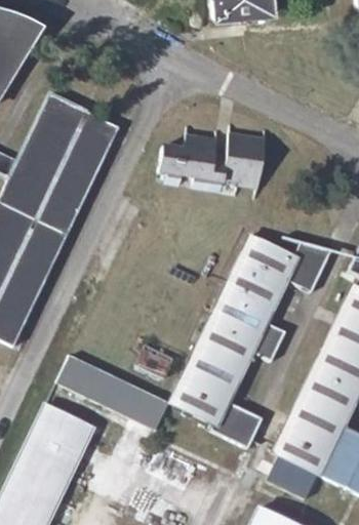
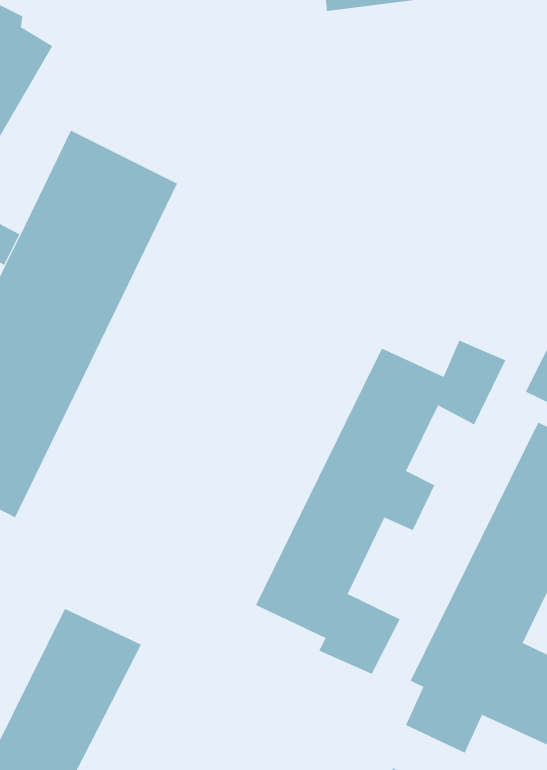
building: [156,131,267,192] -> none
building: [55,352,170,428] -> none

